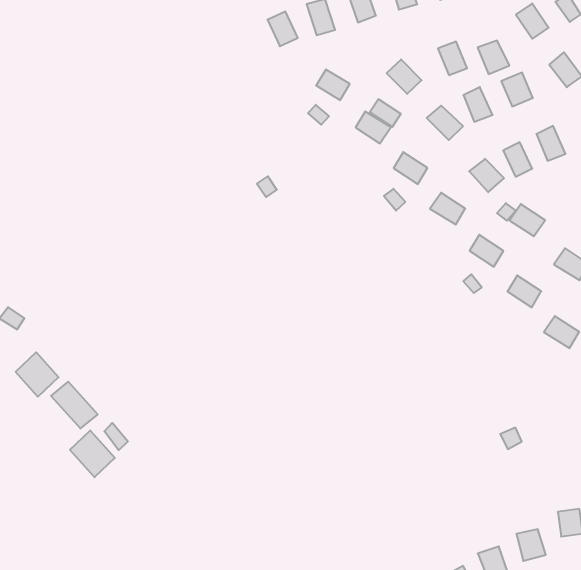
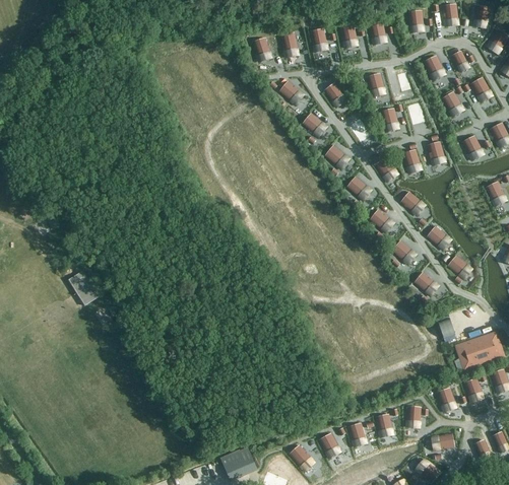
building: [16,352,59,397] -> none
building: [70,430,115,477] -> none

